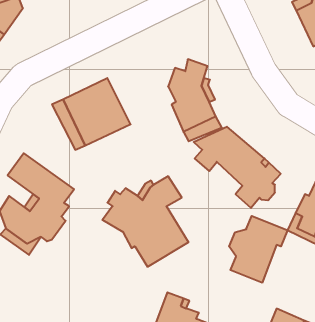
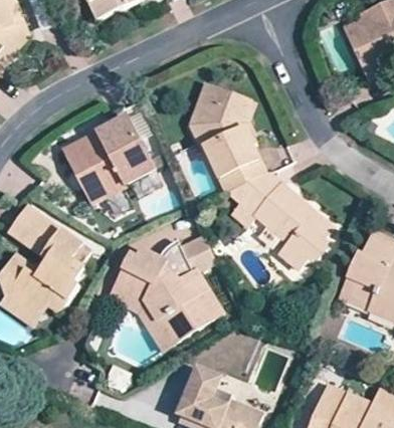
building: none -> [187,86,221,149]
building: none -> [108,262,174,346]
building: [229,216,288,283] -> none

